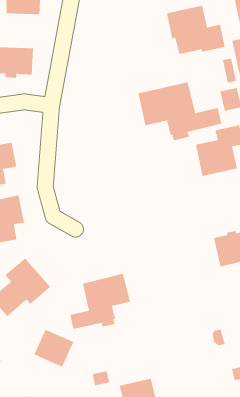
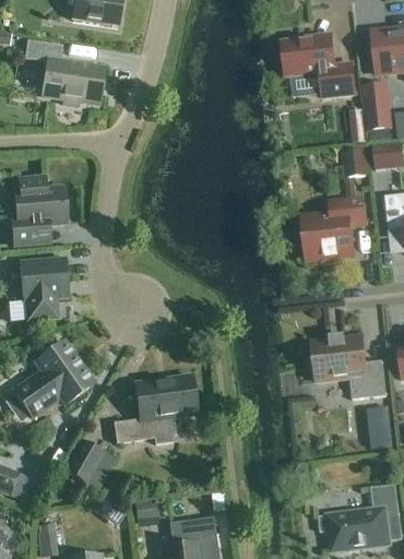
building: [138,81,222,141] -> none

